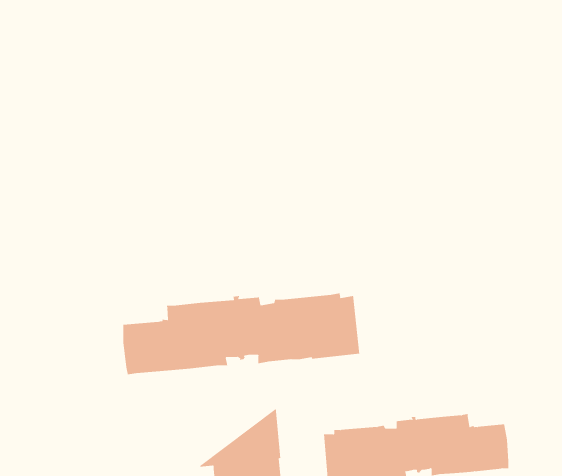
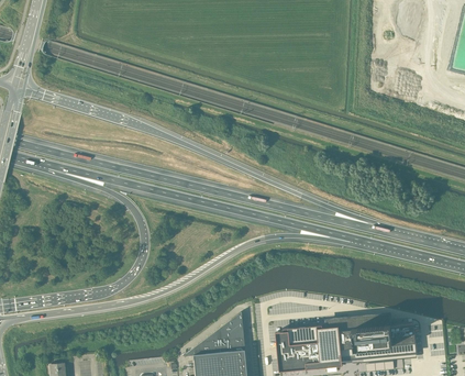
building: [123,292,360,375] -> none

